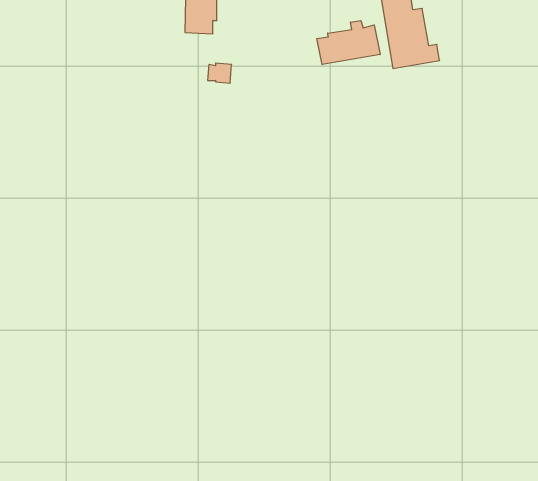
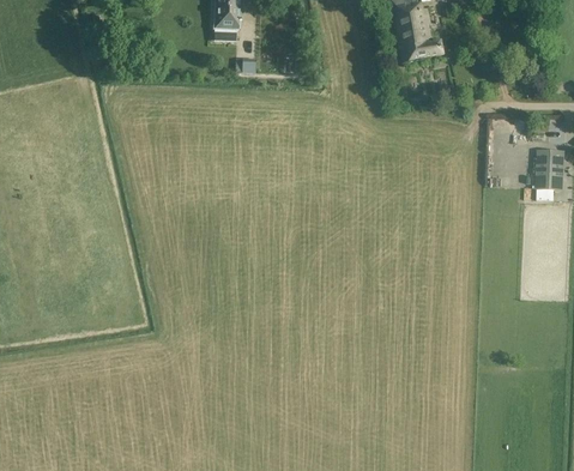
building: [317,21,380,65] -> none

